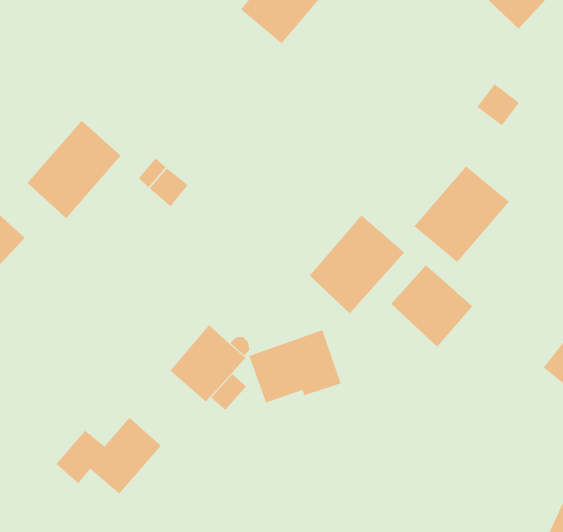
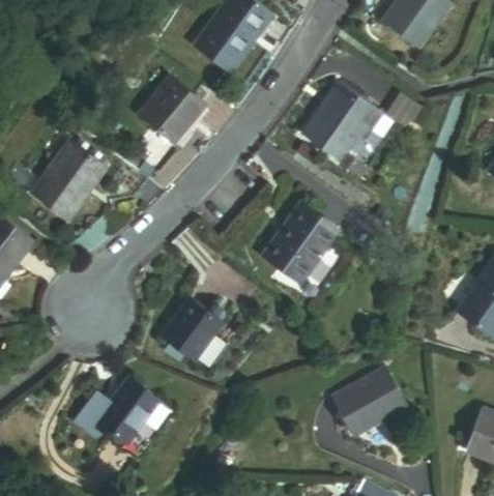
building: none -> [141,77,206,143]
building: [414,165,510,263] -> [301,81,376,158]
building: [391,265,474,347] -> none
building: [249,330,342,403] -> [322,369,398,431]

